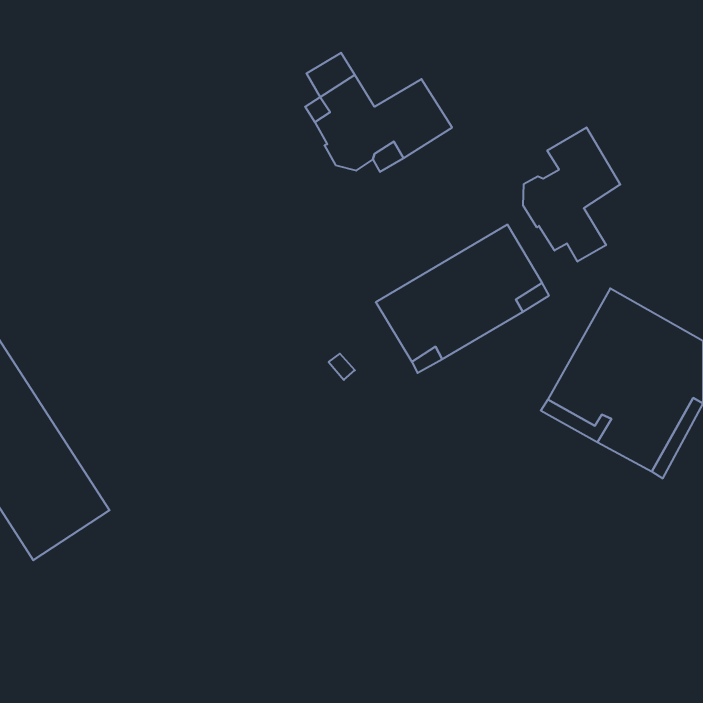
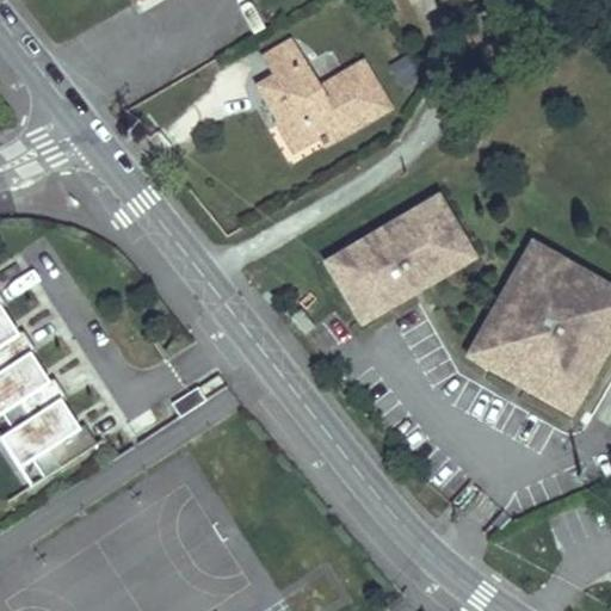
building: [523,127,620,262] -> none

